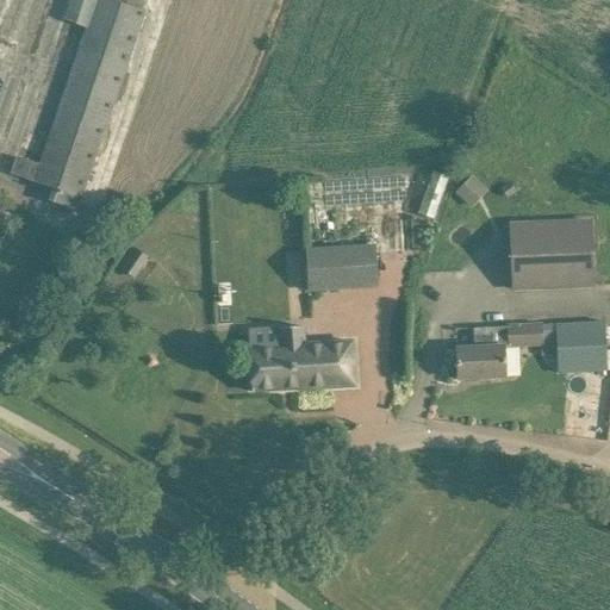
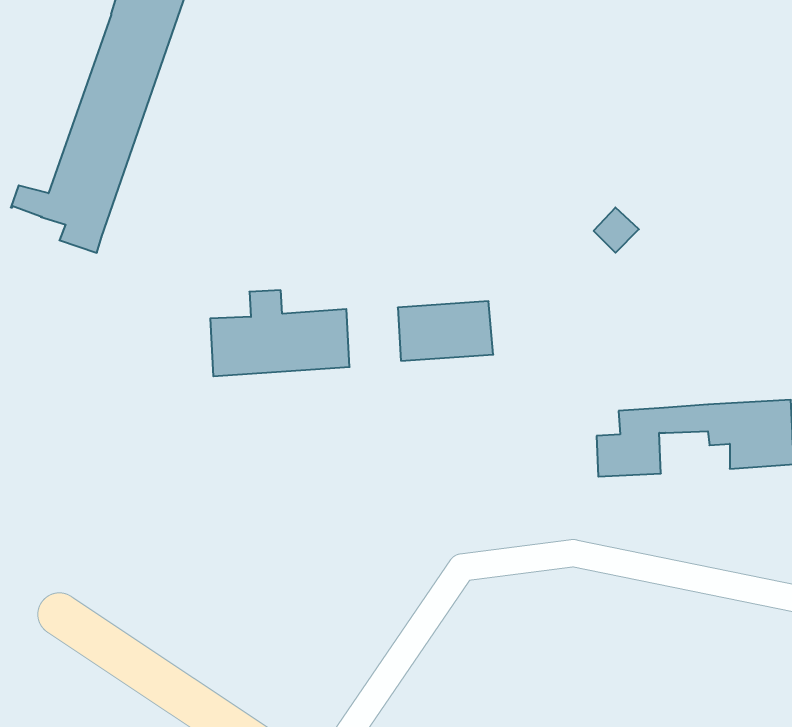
building: [509,218,591,285] -> none
building: [250,324,356,390] -> [210,290,350,376]

